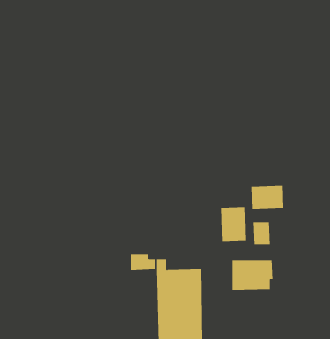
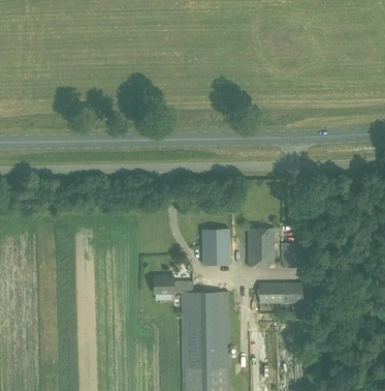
building: [251,185,284,210] -> none
building: none -> [201,229,229,265]

